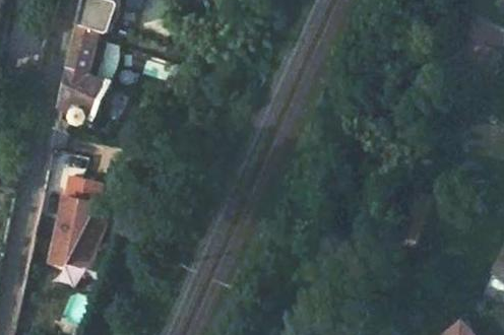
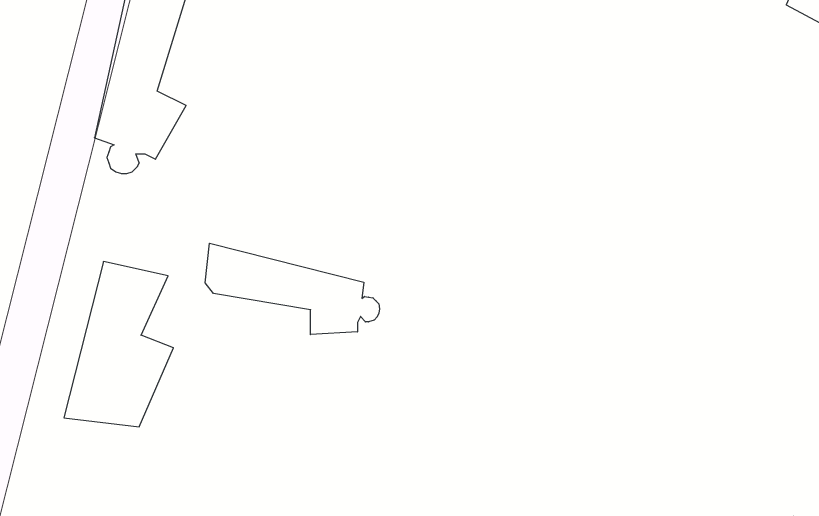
building: none -> [205,243,380,335]

